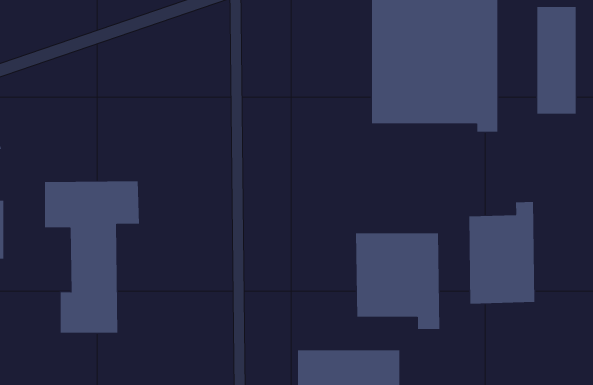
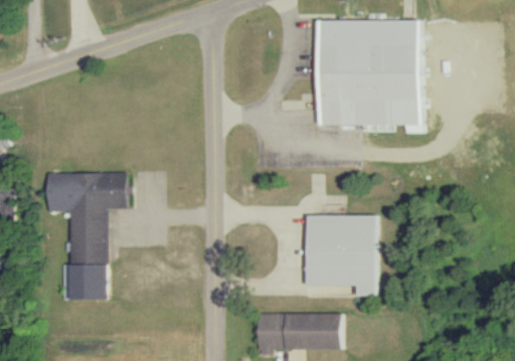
building: [537,6,576,114] -> none
building: [469,201,535,304] -> none

